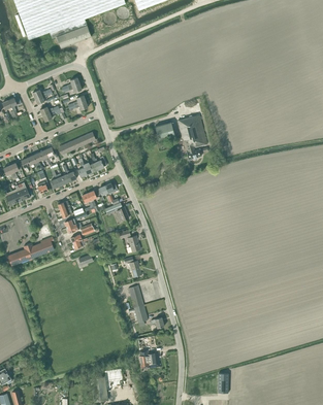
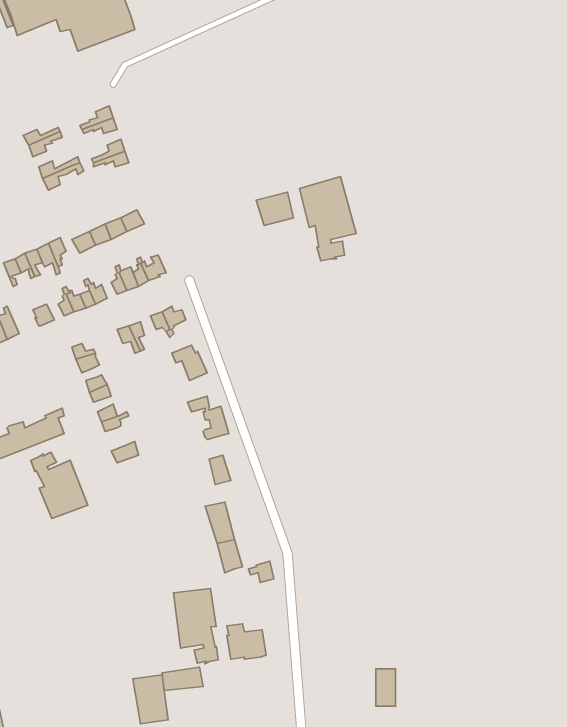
building: none -> [31,452,88,519]
building: none -> [173,589,218,664]

